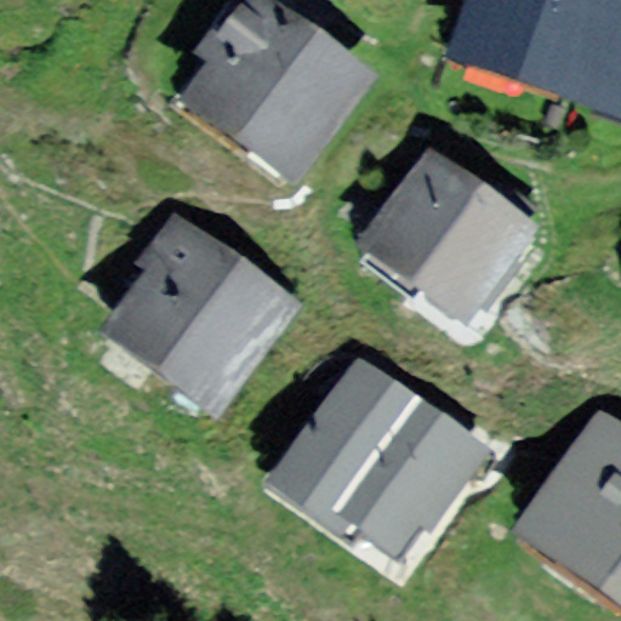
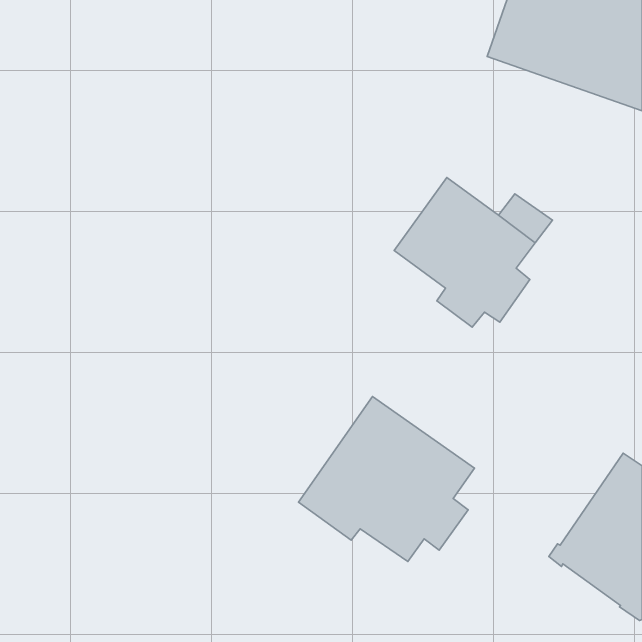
building: [200,10,352,171] -> none
building: [121,238,275,400] -> none

